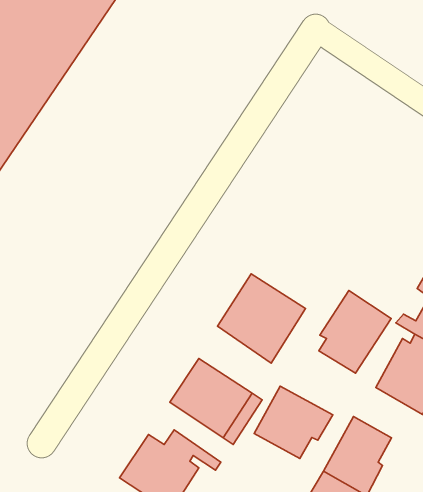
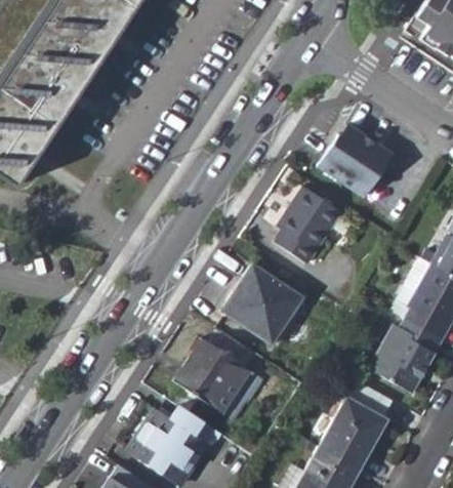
building: none -> [317,124,392,197]
building: [319,291,391,373] -> [277,187,343,262]
building: [254,386,333,458] -> none

